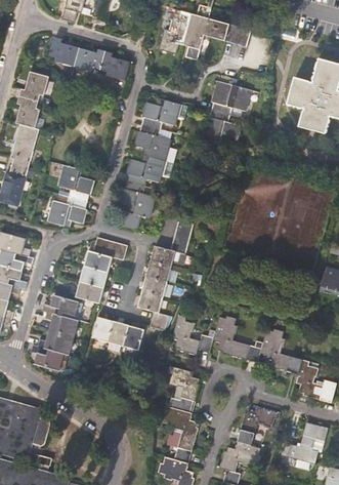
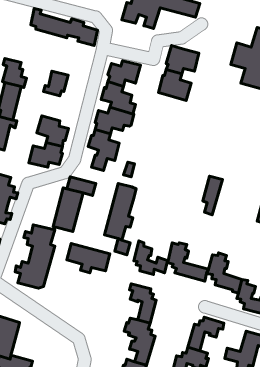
building: [18,71,48,100] -> [43,71,68,96]
building: [170,219,194,266] -> [203,176,223,215]
building: [28,415,49,445] -> none

